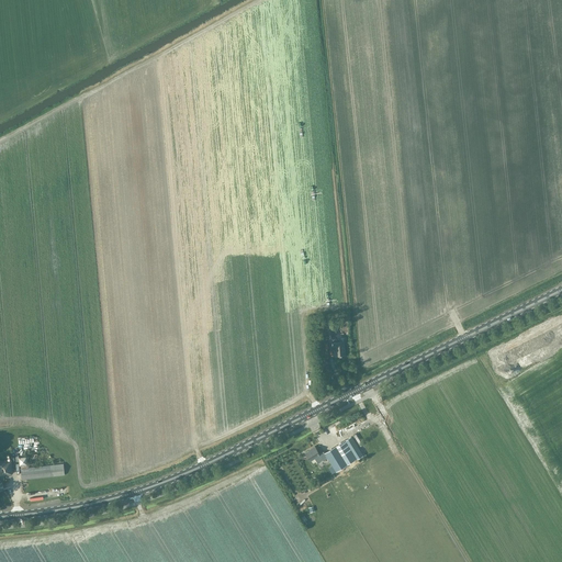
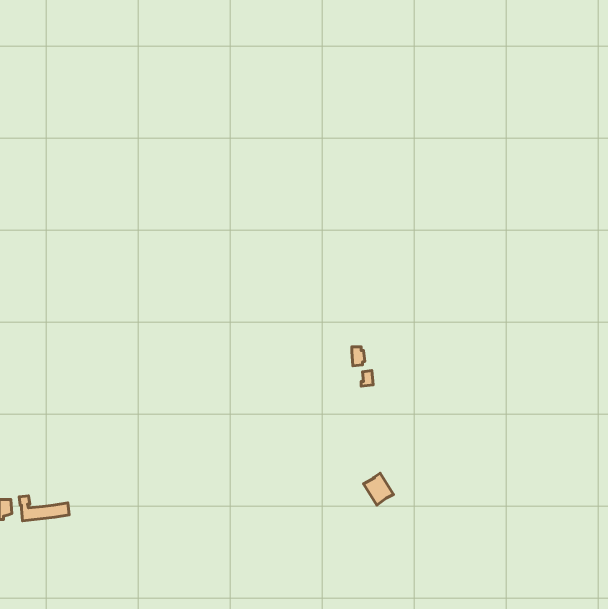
building: [304,446,347,472] -> none

